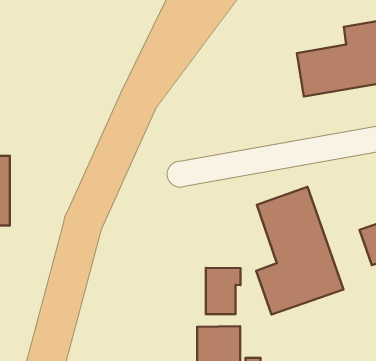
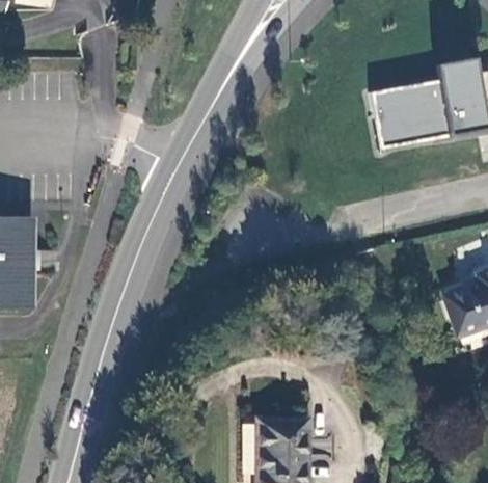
building: [256,187,343,314] -> none
building: [206,268,241,314] -> none

